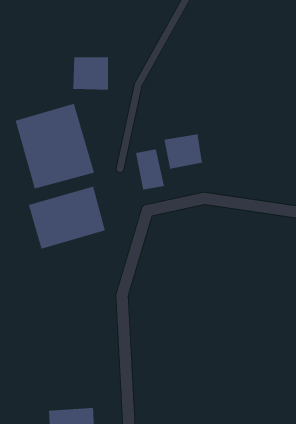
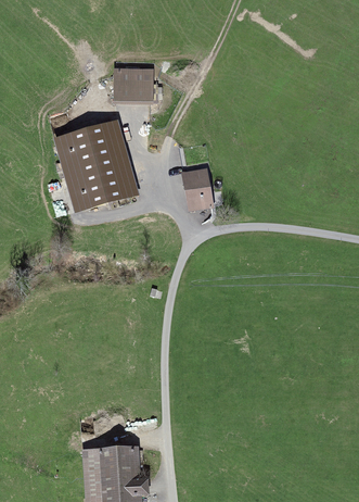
building: [164,133,203,169] -> none
building: [28,186,105,249] -> none

